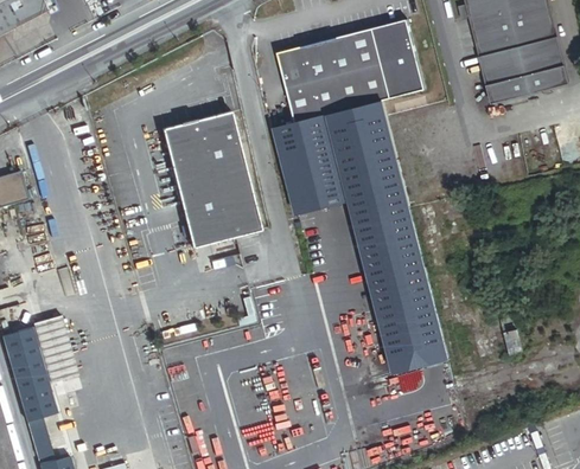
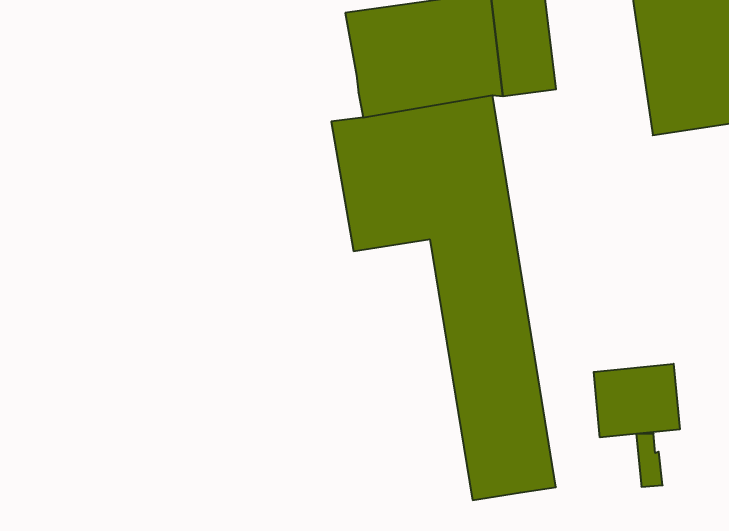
building: [160,109,260,246] -> none
building: none -> [594,364,680,437]

